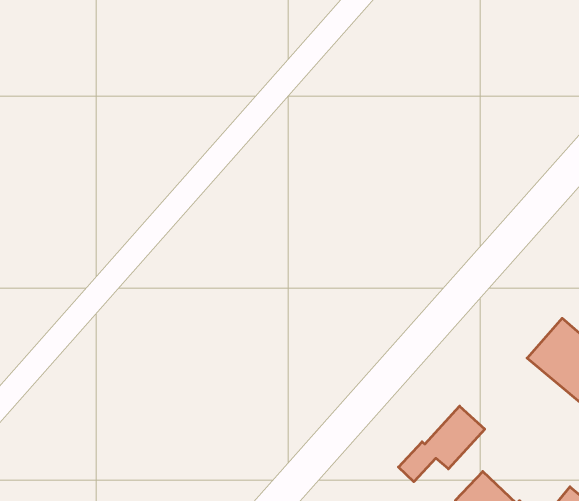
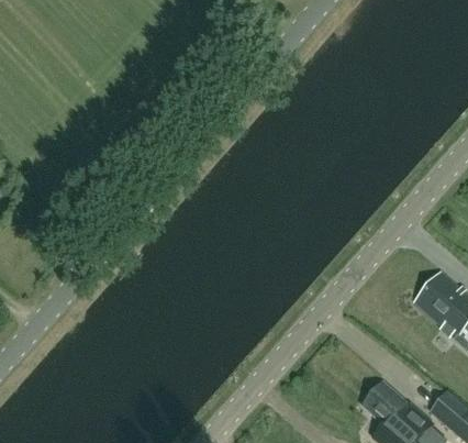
building: [398,406,485,482] -> none

